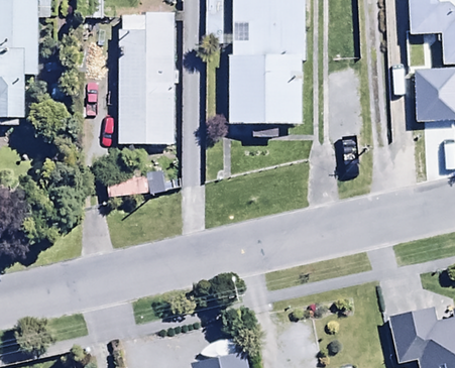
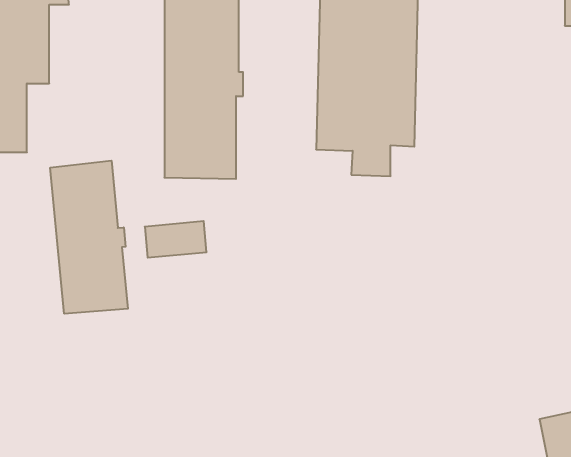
building: none -> [50,161,128,314]

